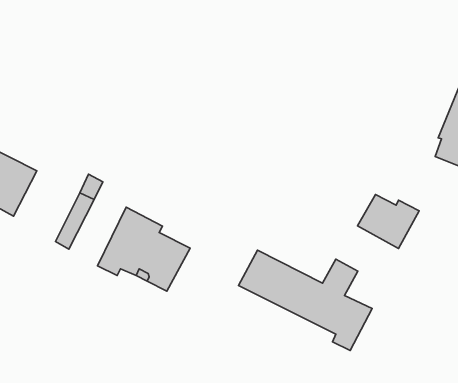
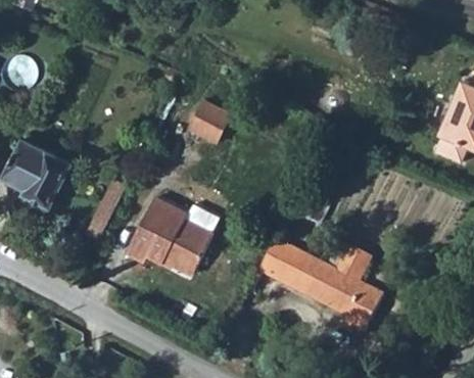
building: none -> [189,100,231,144]
building: [357,194,419,248] -> none

